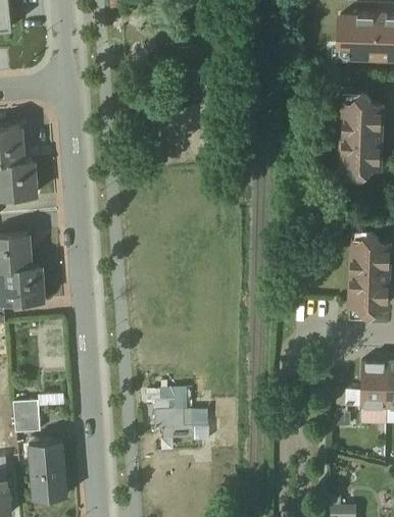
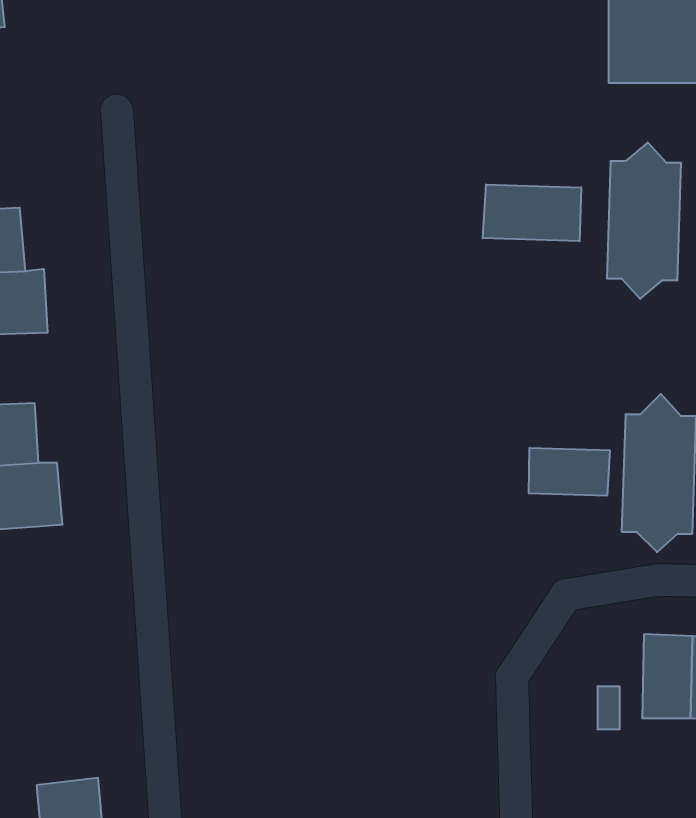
building: none -> [483,184,581,241]
building: none -> [529,448,610,496]
building: [148,389,199,441] -> none
building: [13,403,41,435] -> none

